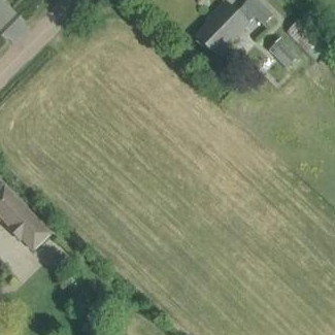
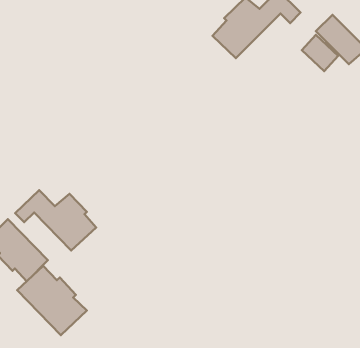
building: none -> [15,190,96,251]
building: none -> [17,266,87,335]

